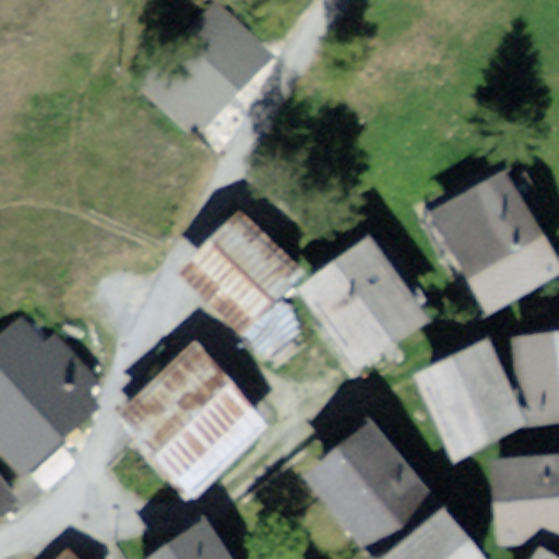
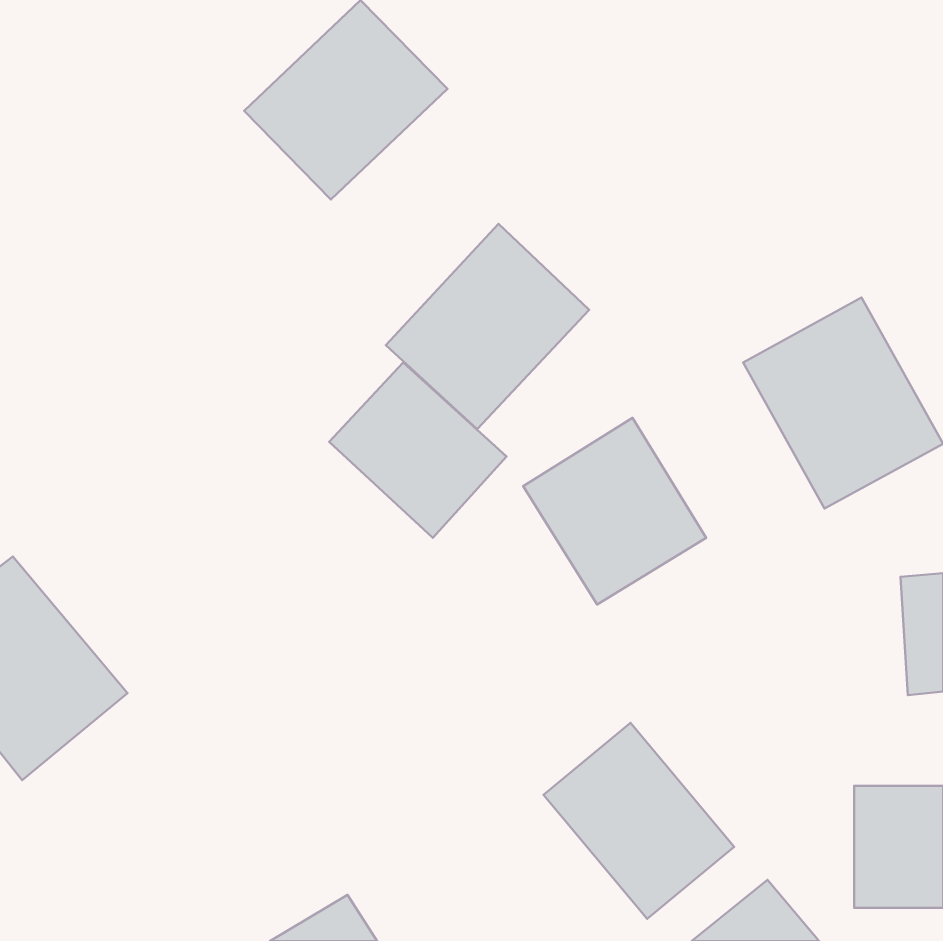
building: none -> [386,224,589,429]
building: [428,346,524,444] -> none
building: [134,355,263,483] -> none

